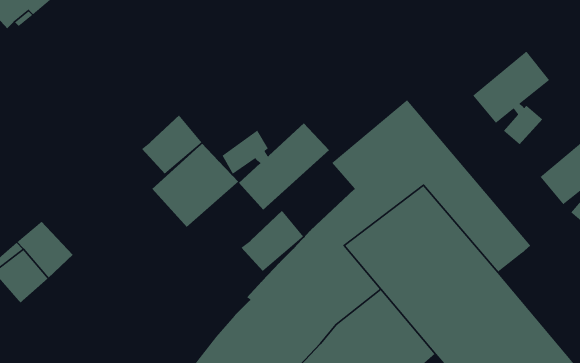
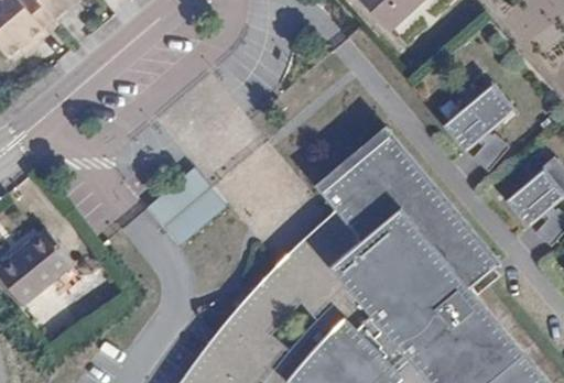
building: [141,115,202,174] -> none
building: [221,122,330,211] -> none
building: [241,210,304,272] -> none

